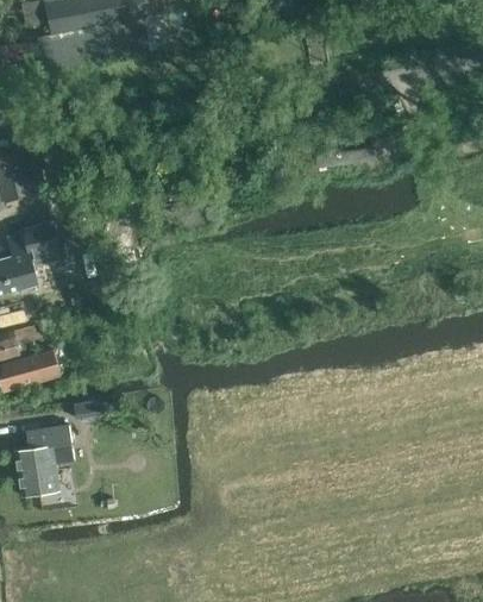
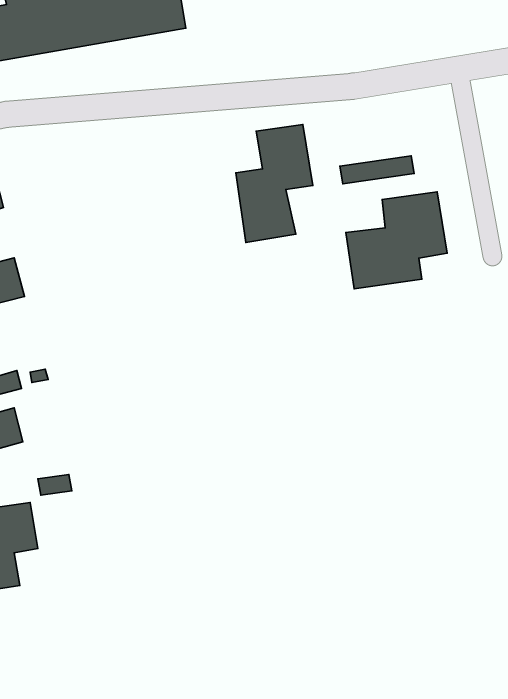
building: none -> [236,124,313,242]
building: none -> [346,192,447,289]

